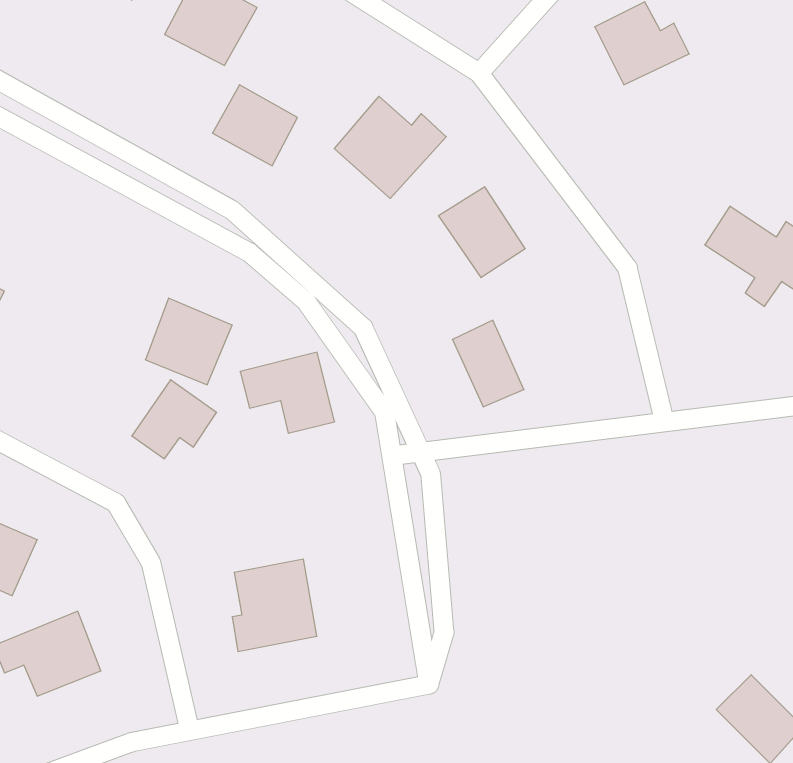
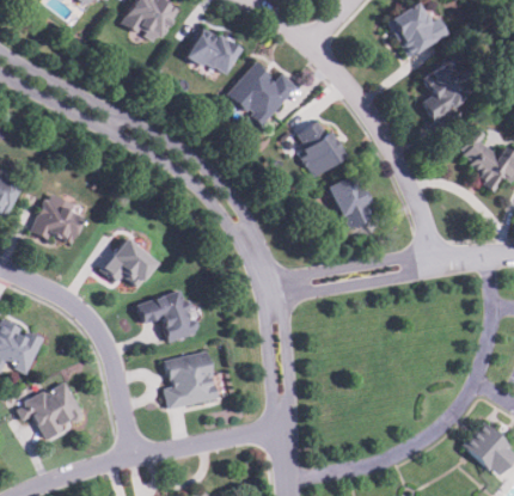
building: [212,85,297,166] -> [186,26,239,76]
building: none -> [422,57,477,120]
building: [145,298,232,385] -> [32,191,86,245]
building: [452,320,524,407] -> [329,174,373,228]
building: [240,352,335,433] -> [137,289,196,339]

